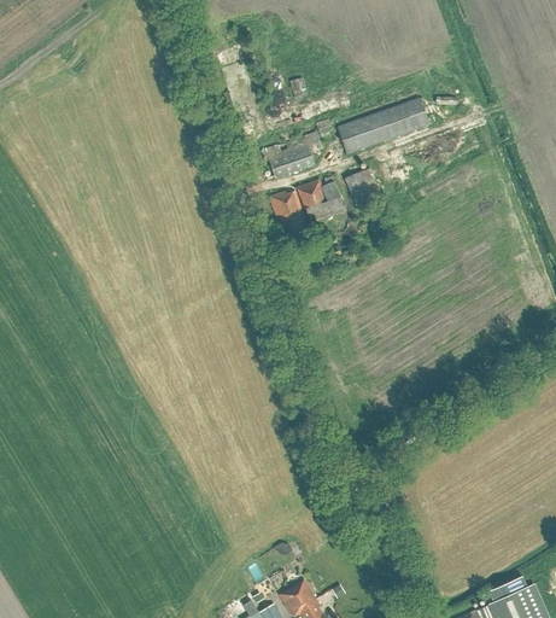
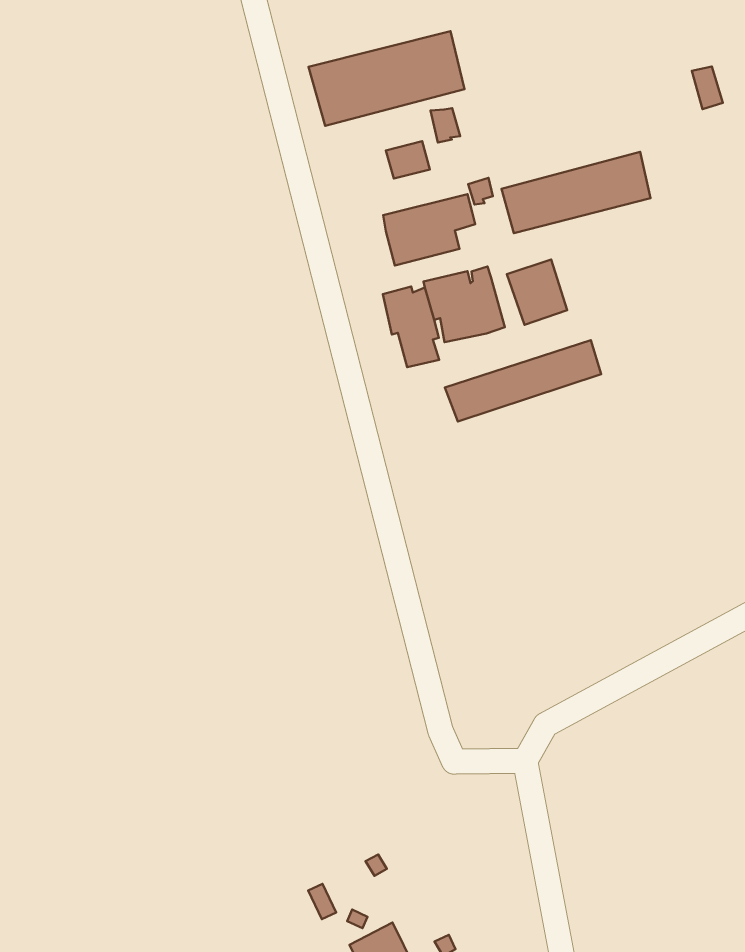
building: none -> [308,31,465,126]
building: none -> [445,340,601,421]

